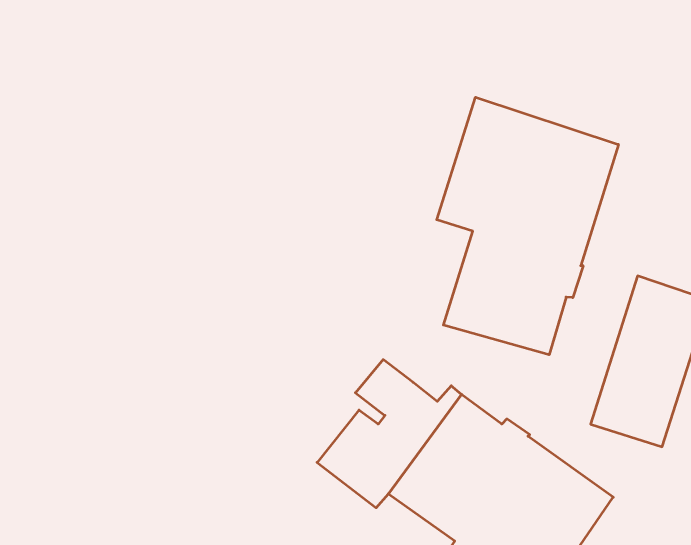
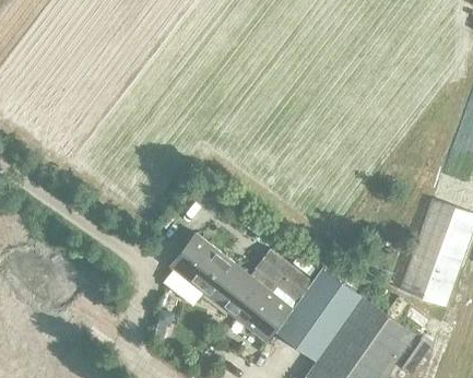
building: [437,97,618,355] -> none
building: none -> [168,225,253,312]

